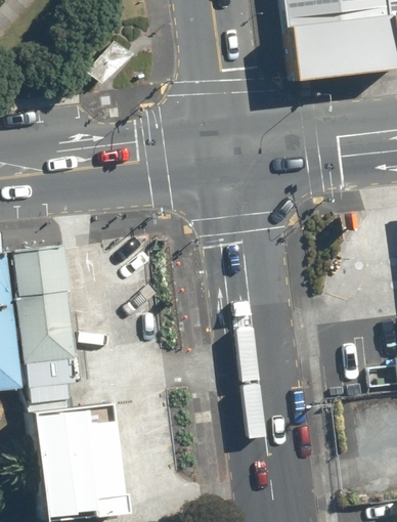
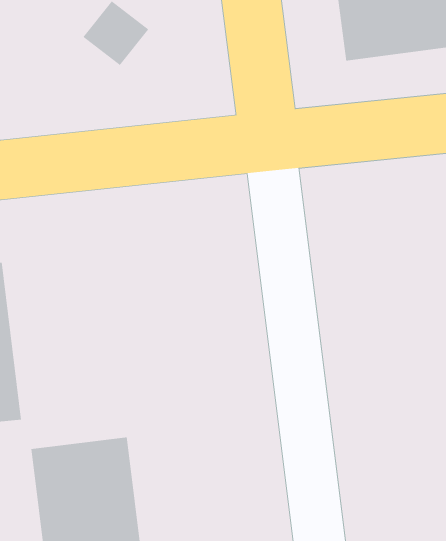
building: [11,248,78,402] -> none

